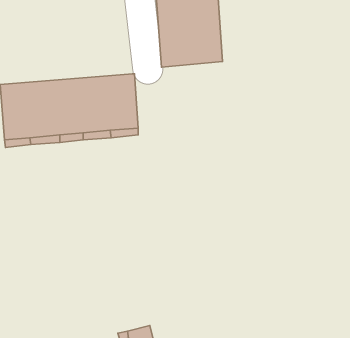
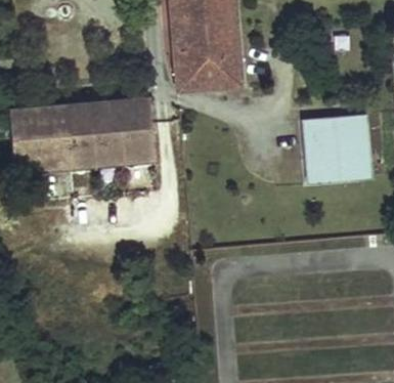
building: none -> [306,115,373,181]

